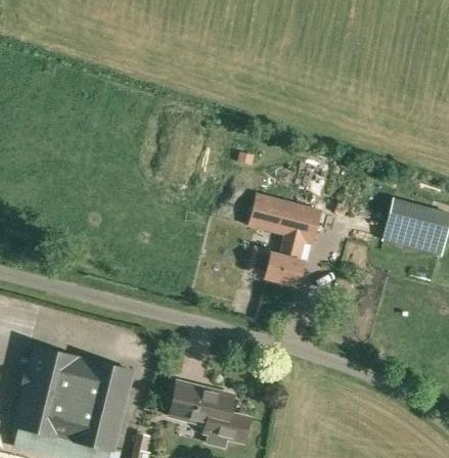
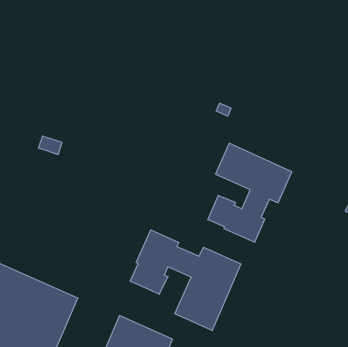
building: none -> [130,230,241,331]

